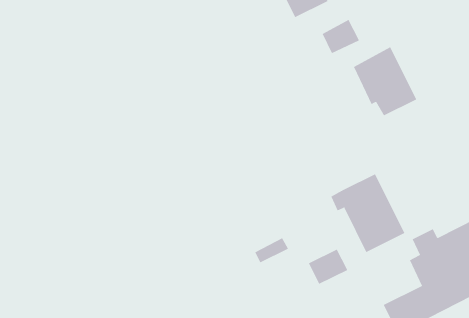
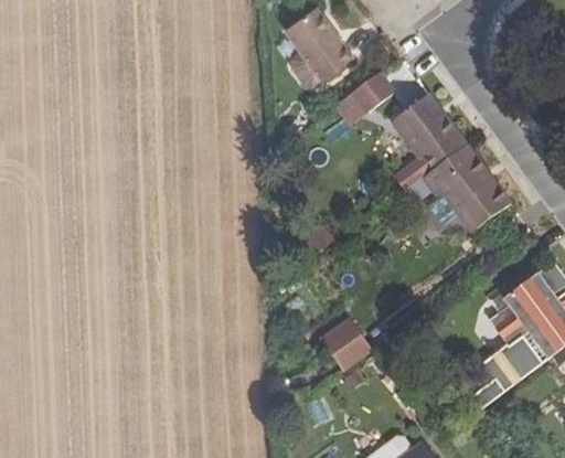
building: [330,174,405,253] -> [423,146,510,233]
building: [308,249,348,284] -> [328,330,372,372]

